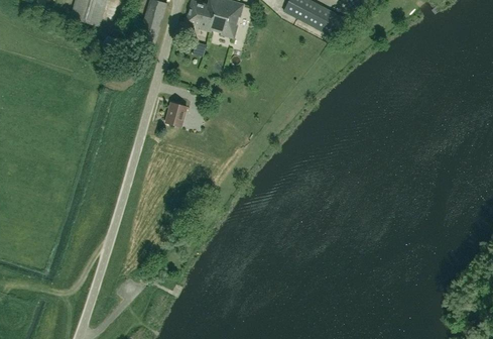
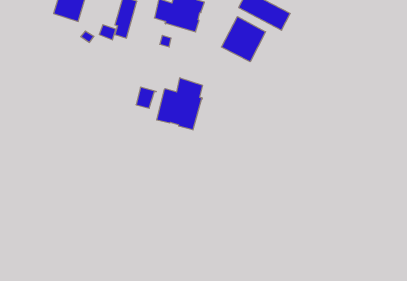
building: none -> [221,17,266,62]
building: none -> [157,78,203,130]

